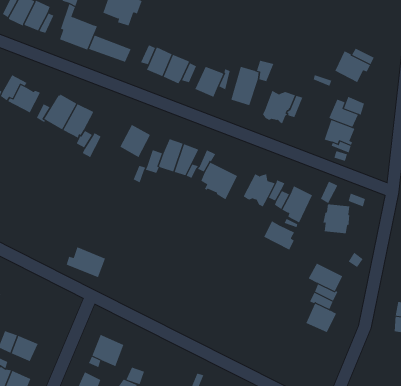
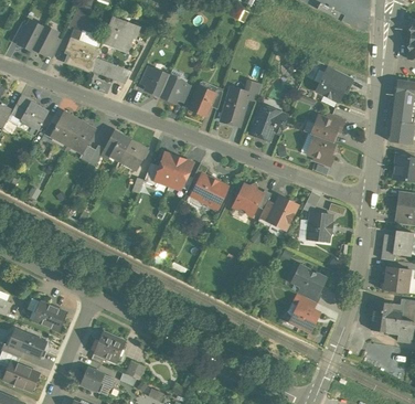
building: none -> [104,130,131,160]
building: [264,221,295,251] -> none
building: [66,247,106,278] -> [30,300,66,329]

